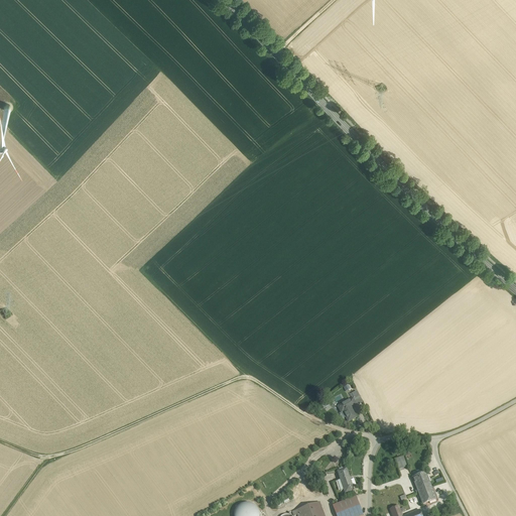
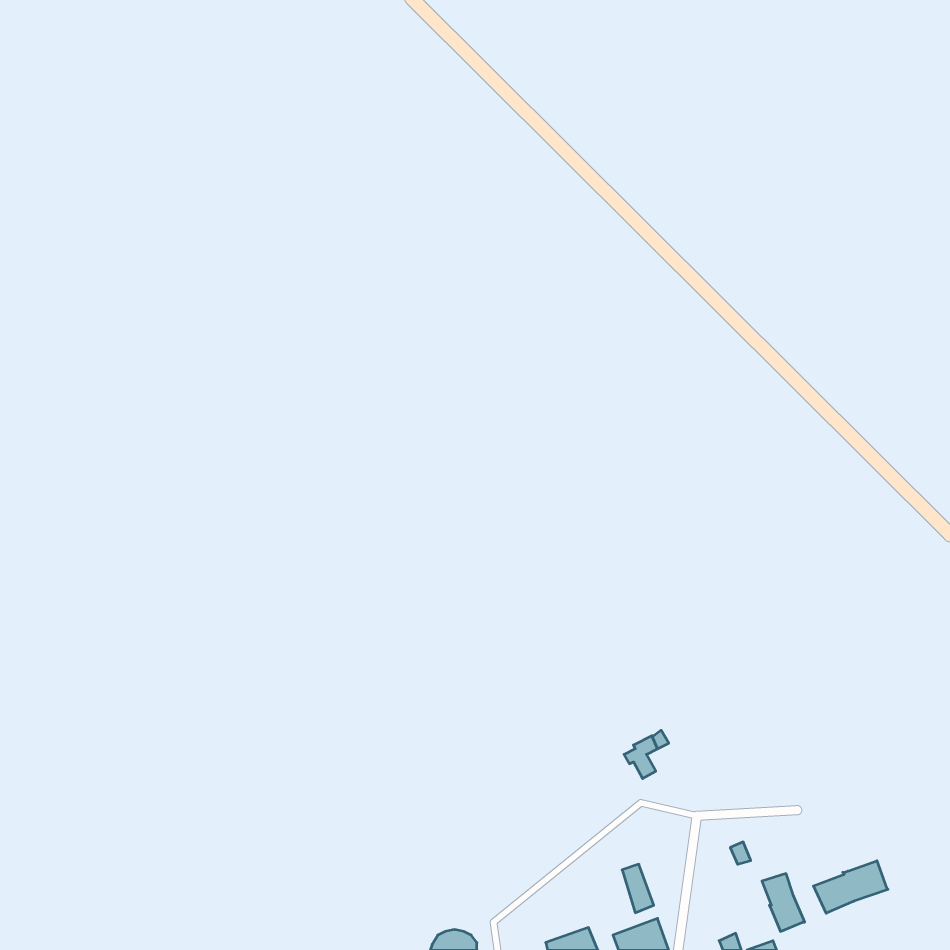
building: none -> [813,861,888,913]

